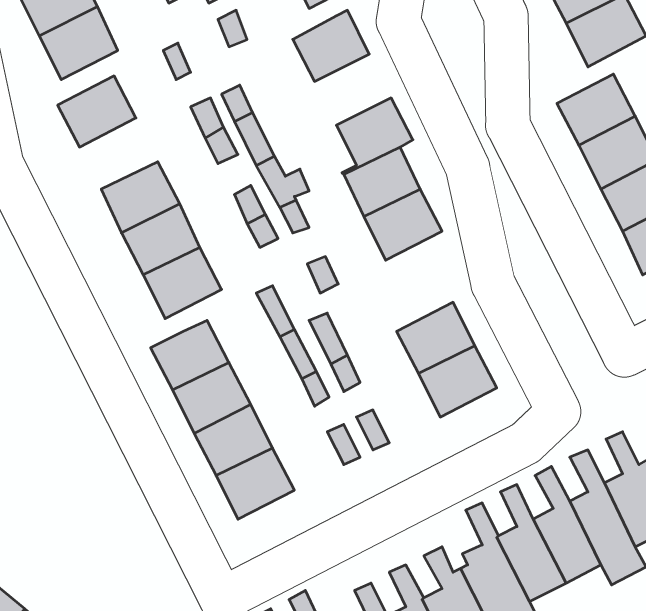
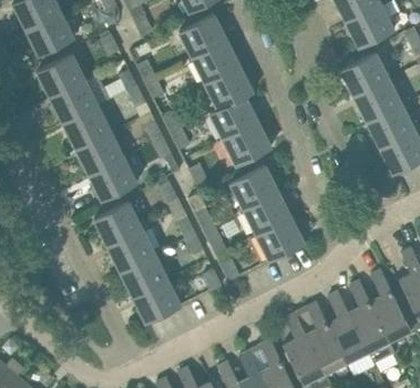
building: none -> [193,40,239,83]
building: none -> [50,79,98,122]
building: none -> [229,165,277,208]

